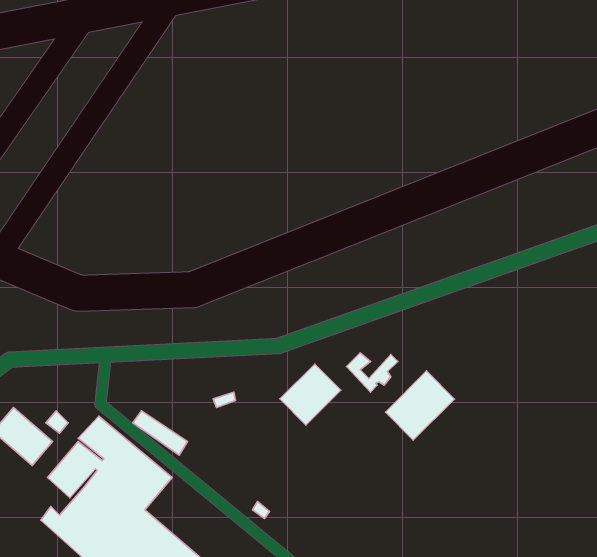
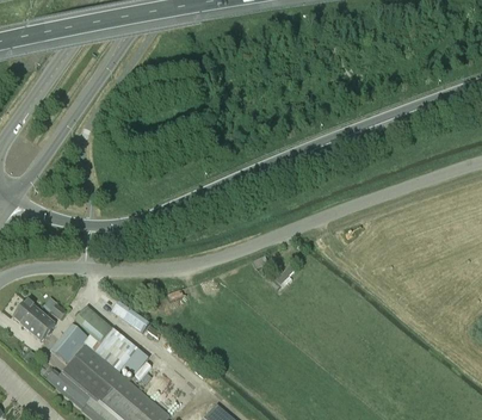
building: [280,364,341,425] -> none
building: [385,371,454,440] -> none

